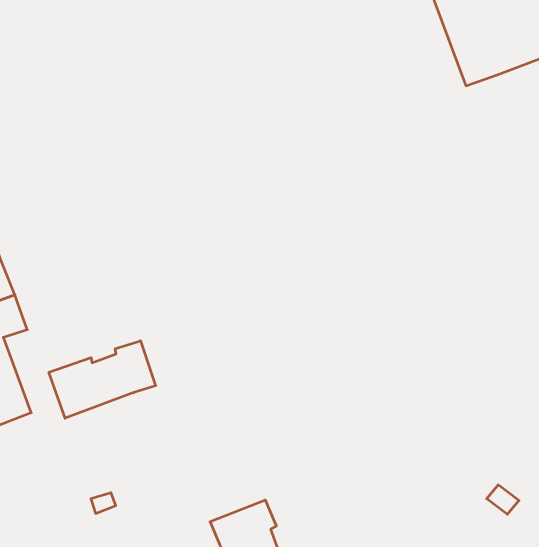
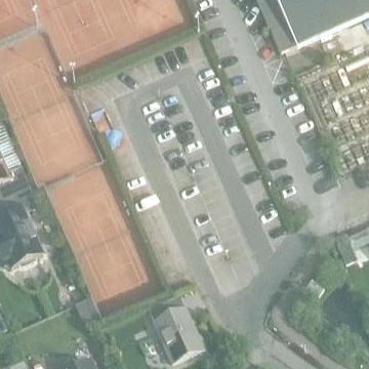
building: [49,341,156,418] -> none

